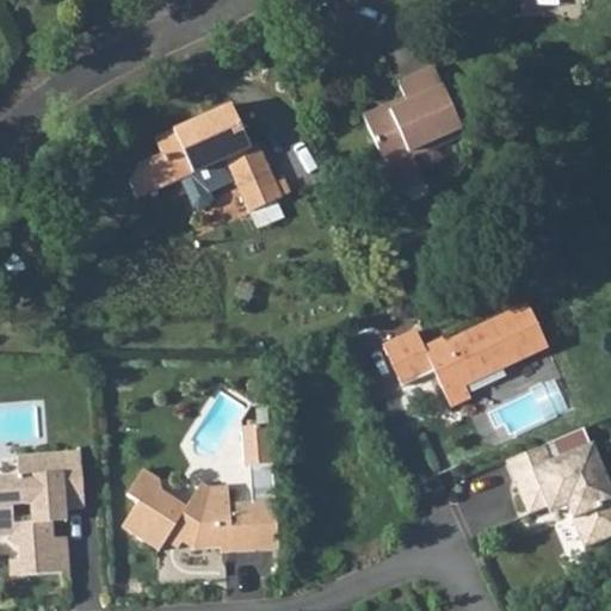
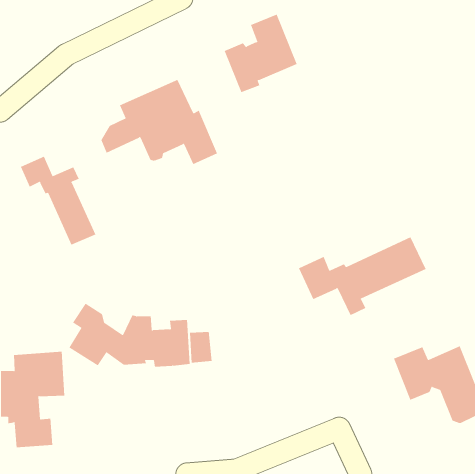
building: [362,64,456,166] -> [224,14,298,93]
building: none -> [20,156,96,245]
building: [122,468,278,550] -> [69,303,191,367]

